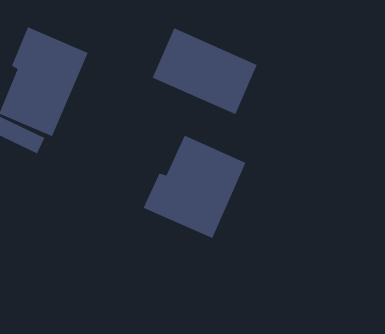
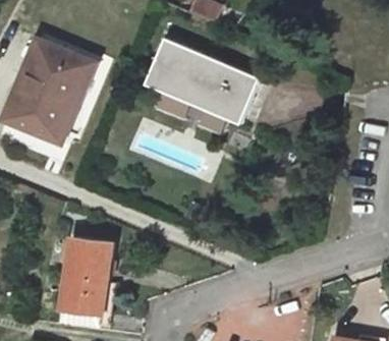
building: [143,135,246,239] -> none
building: none -> [63,238,112,316]

